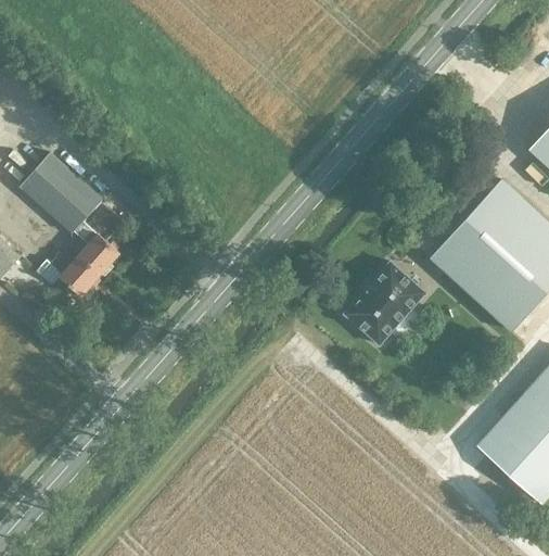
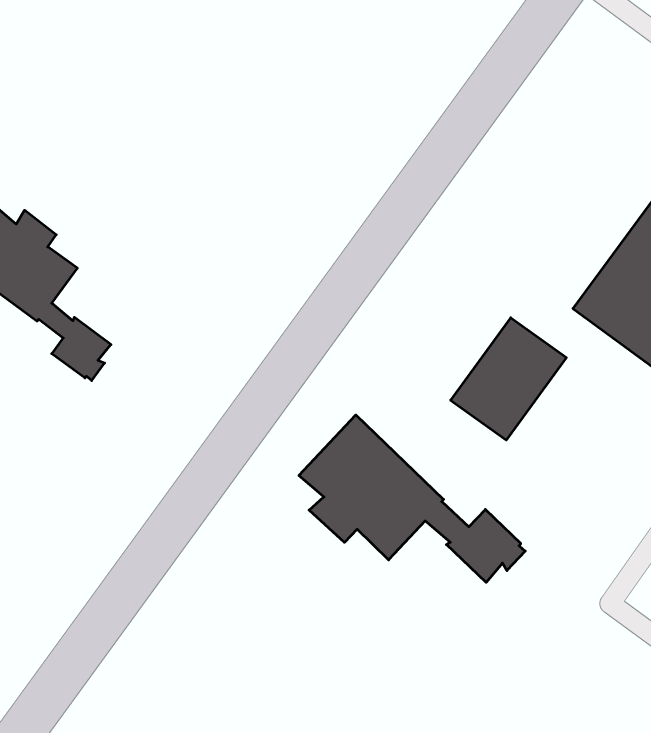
building: [52,252,101,295] -> none
building: none -> [299,415,525,582]

